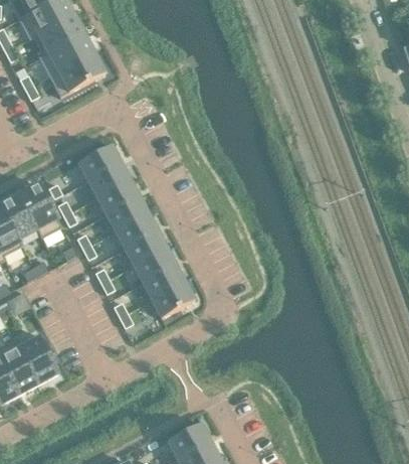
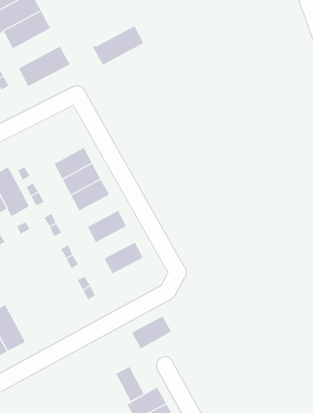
building: [39,32,95,75] -> [92,26,144,65]
building: [78,143,122,179] -> none
building: [116,212,159,248] -> none
building: [134,247,177,282] -> none
building: [152,281,196,317] -> [131,316,172,349]
building: none -> [116,366,144,402]

